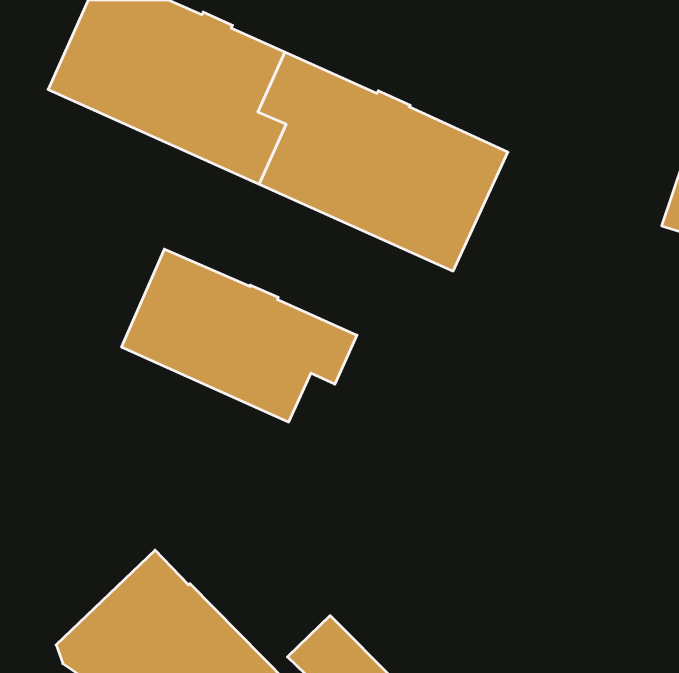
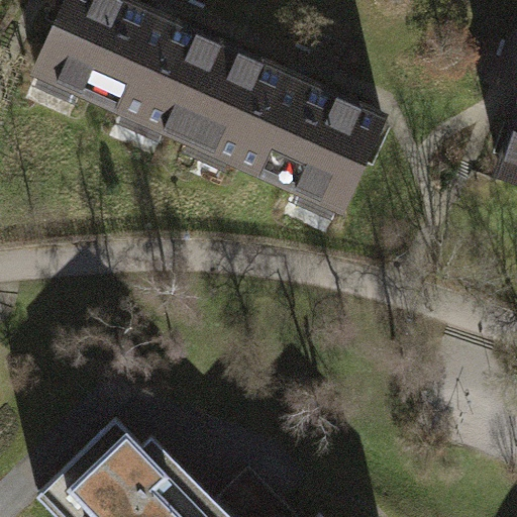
building: [122,249,357,422] -> none

